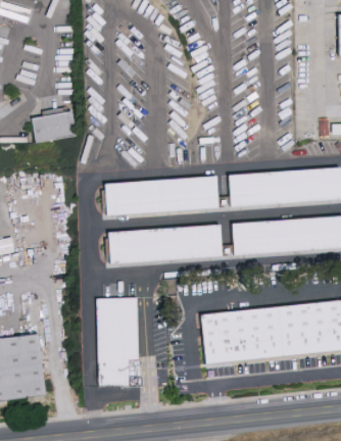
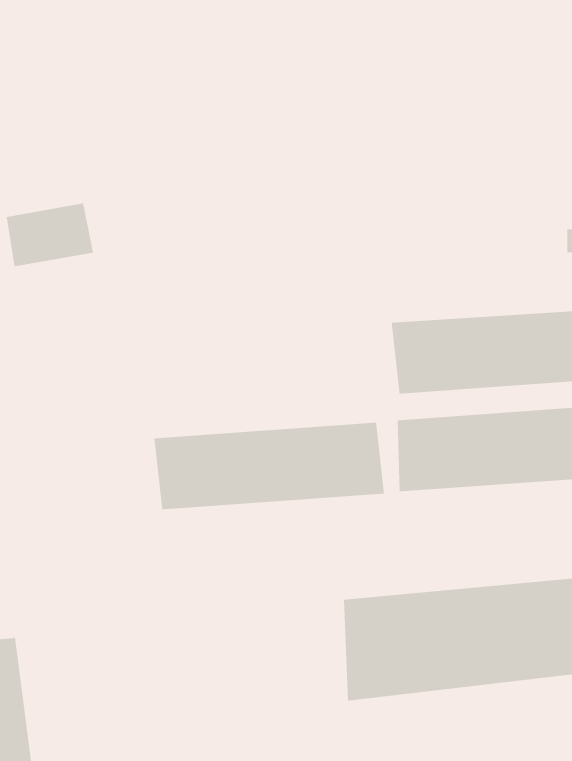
building: [101,175,220,217] -> none
building: [94,297,140,390] -> none

